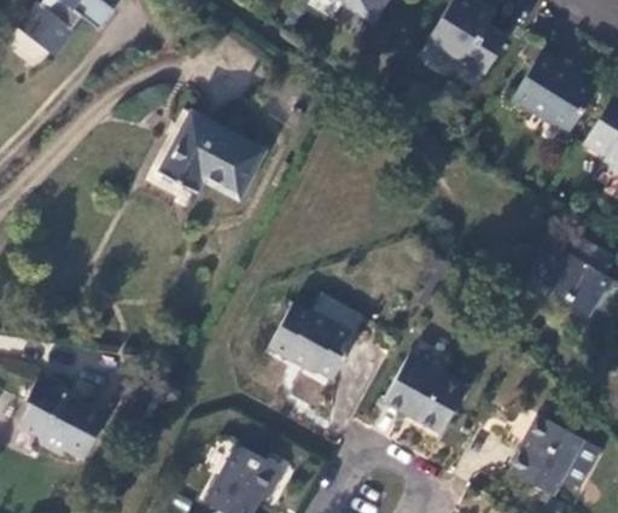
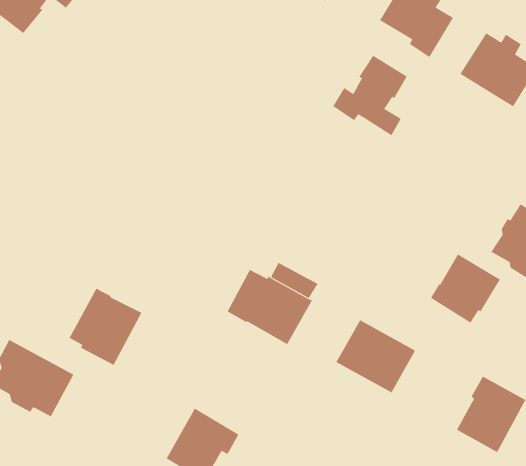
building: none -> [332,55,408,136]
building: [161,112,264,198] -> none
building: none -> [430,253,501,323]
building: none -> [69,288,142,366]

